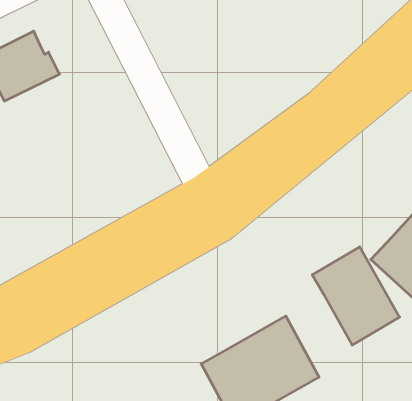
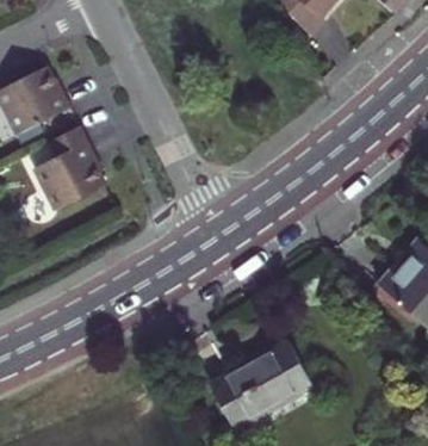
building: none -> [32,124,105,209]
building: [312,247,400,345] -> none

